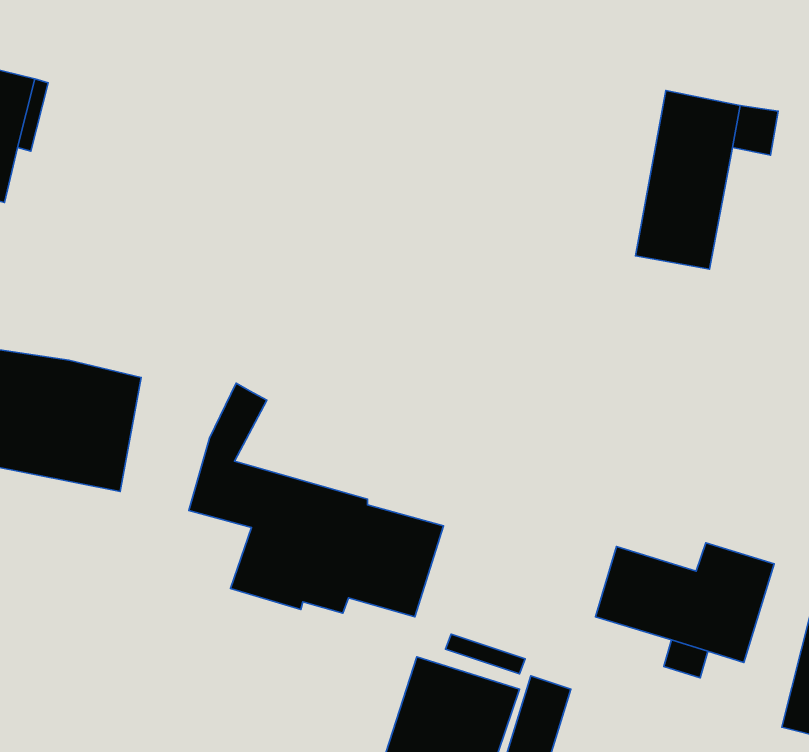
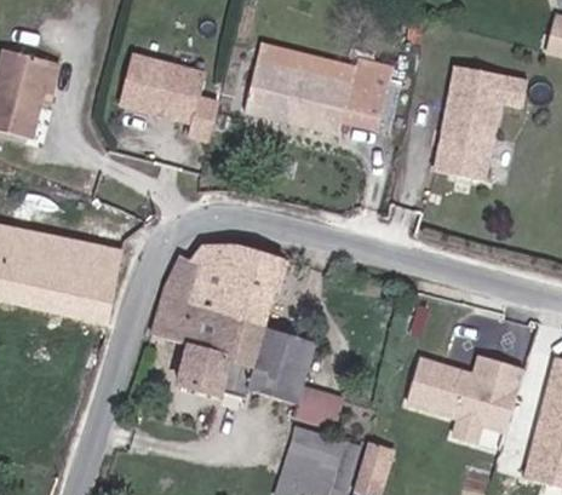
building: none -> [245,44,392,133]
building: none -> [120,53,219,138]
building: none -> [179,243,283,326]

